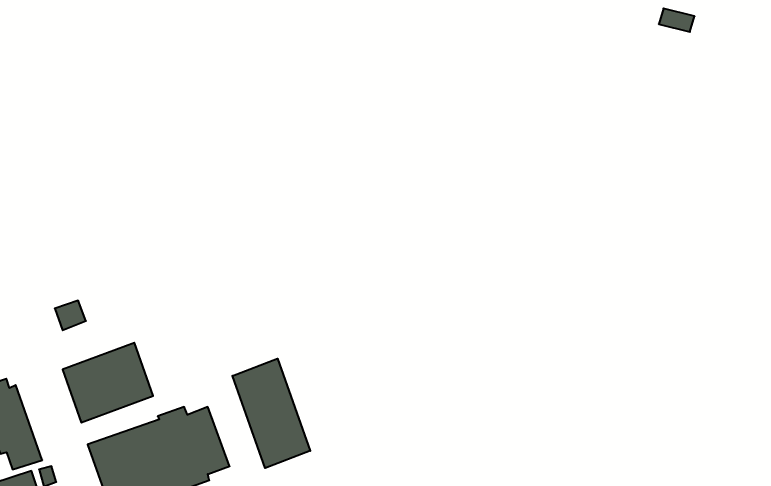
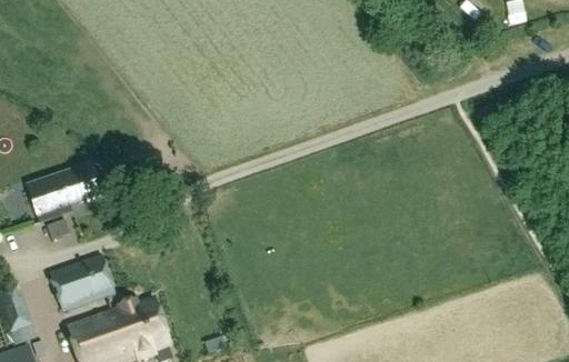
building: none -> [27,162,103,221]
building: [232,359,310,468] -> none

